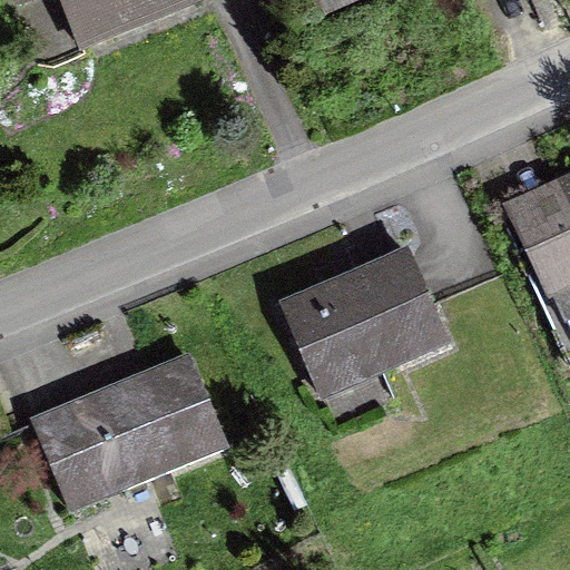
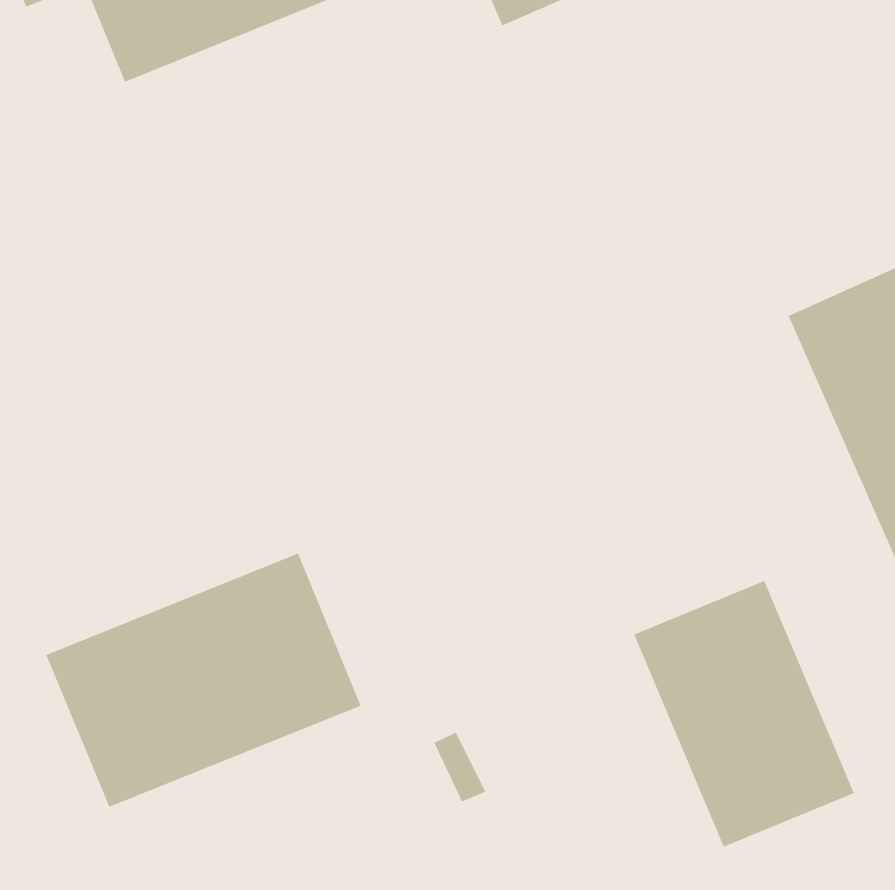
building: [278,245,451,399] -> none
building: none -> [634,580,855,847]

